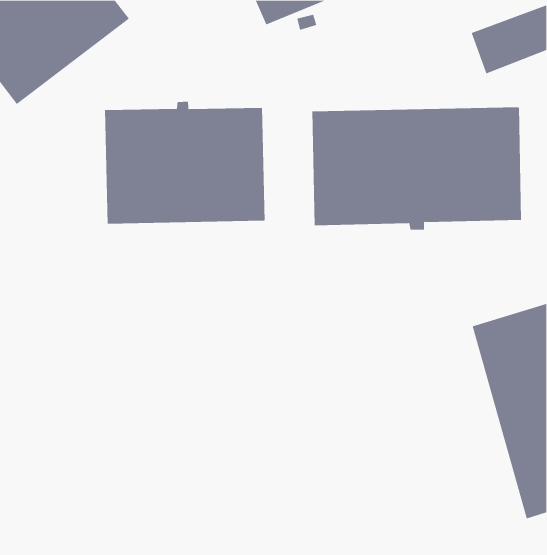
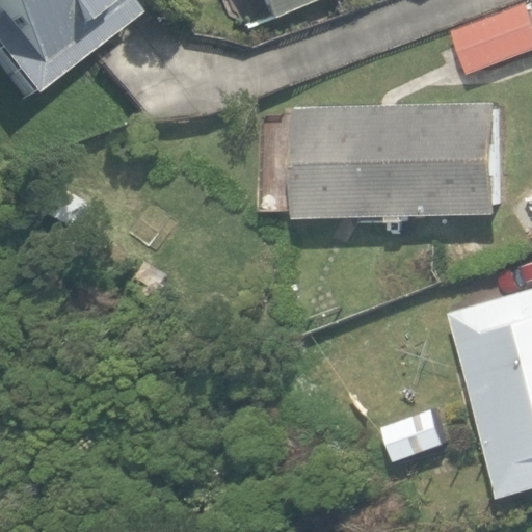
building: [105,101,265,225] -> none

